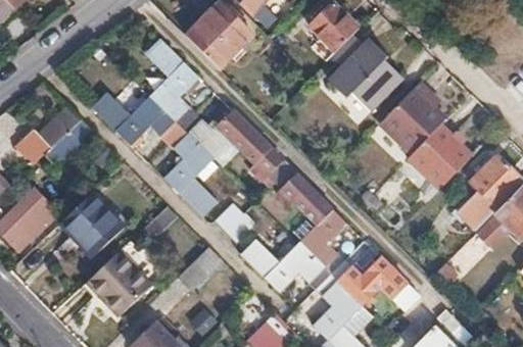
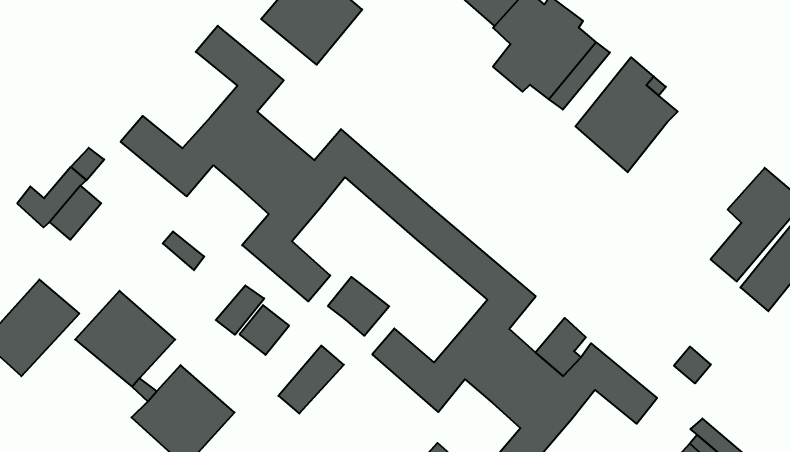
building: [408,122,471,187] -> none

